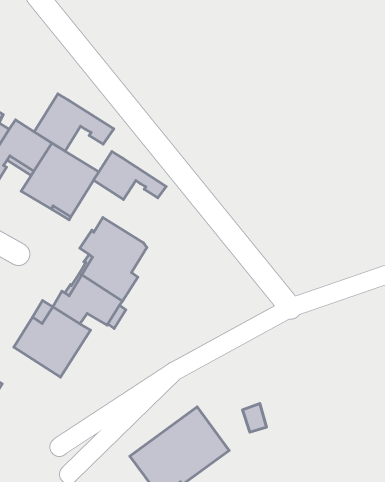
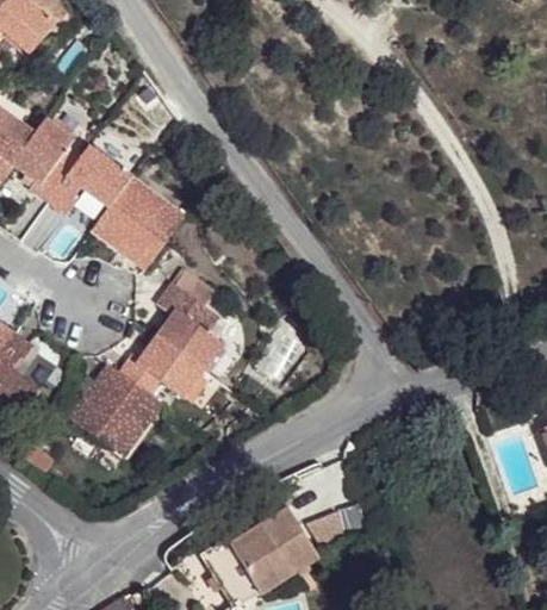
building: [34,94,114,151] -> none
building: [94,151,166,199] -> none

